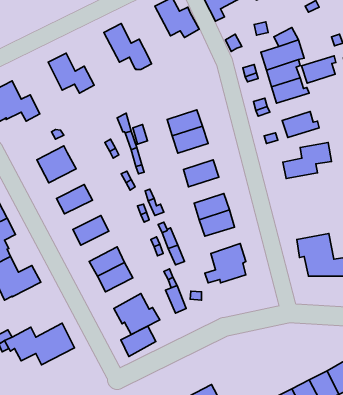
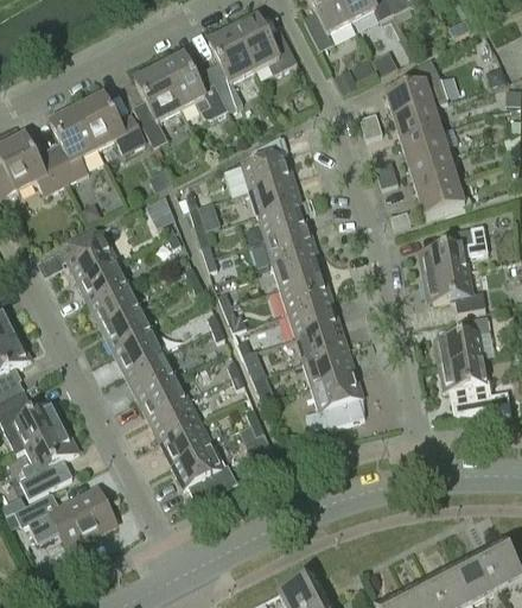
building: none -> [208,27,254,100]
building: none -> [134,65,180,147]
building: [301,56,336,83] -> [407,153,457,192]
building: none -> [49,108,97,183]
building: none -> [241,137,292,191]
building: none -> [265,226,316,264]
building: none -> [78,262,129,305]
building: none -> [421,268,483,311]
building: none -> [280,274,331,312]
building: none -> [101,308,153,350]
building: none -> [432,316,486,365]
building: none -> [304,347,355,385]
building: none -> [125,353,177,397]
building: none -> [20,426,78,496]
building: [121,326,156,356] -> [160,420,211,464]

